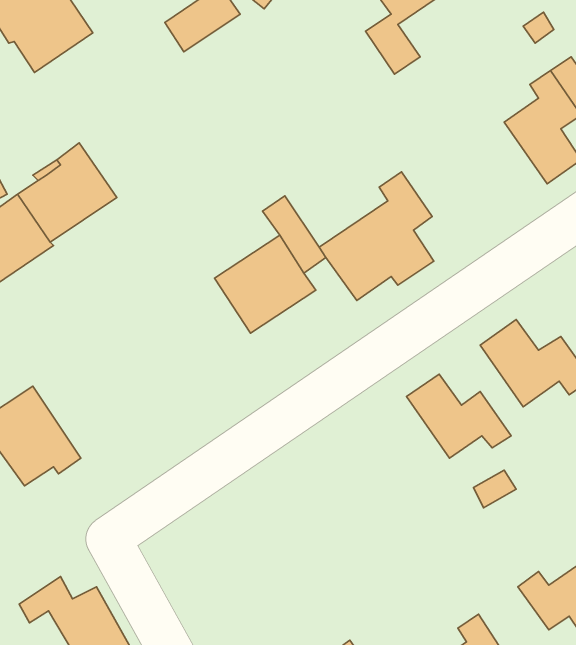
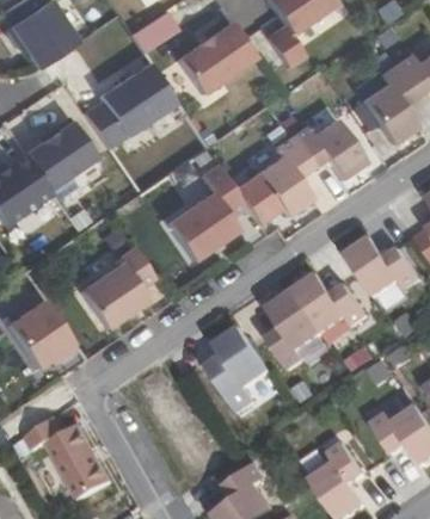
building: none -> [177,26,254,98]
building: none -> [85,63,176,149]
building: none -> [293,122,367,181]
building: none -> [73,236,148,317]
building: none -> [272,295,326,373]
building: none -> [219,330,272,413]

